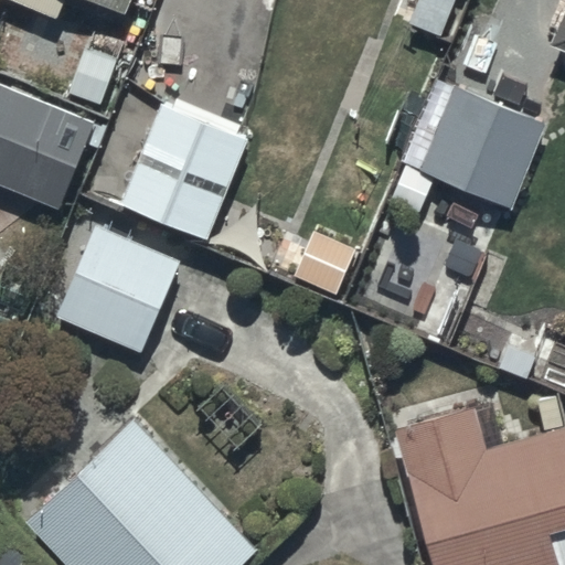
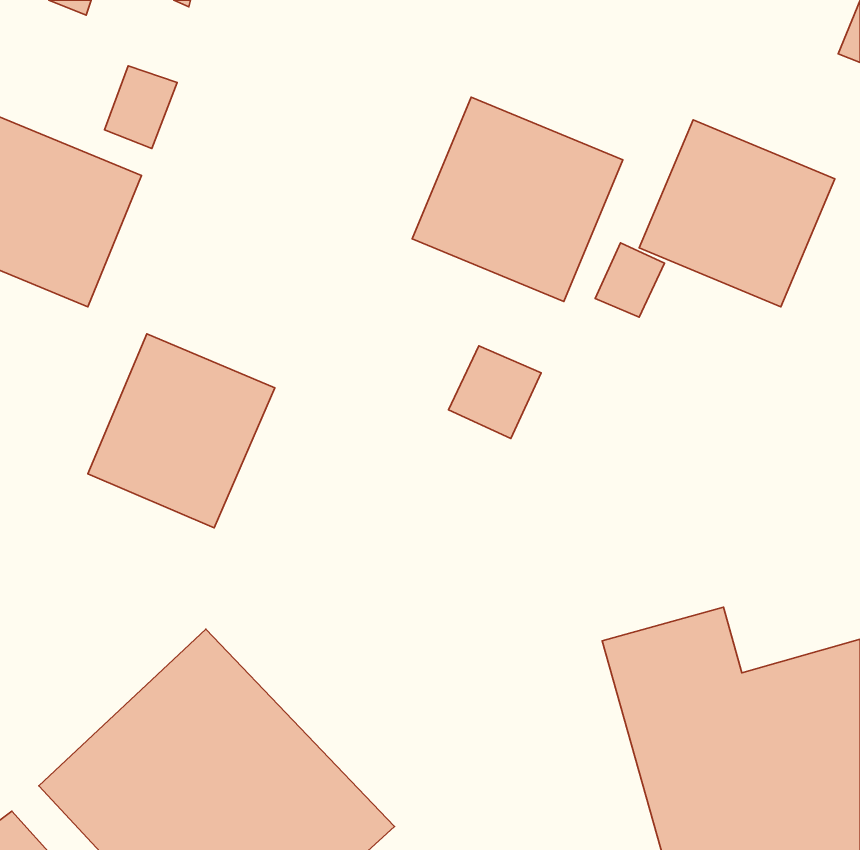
building: none -> [412,97,623,302]
building: [121,104,247,238] -> none

